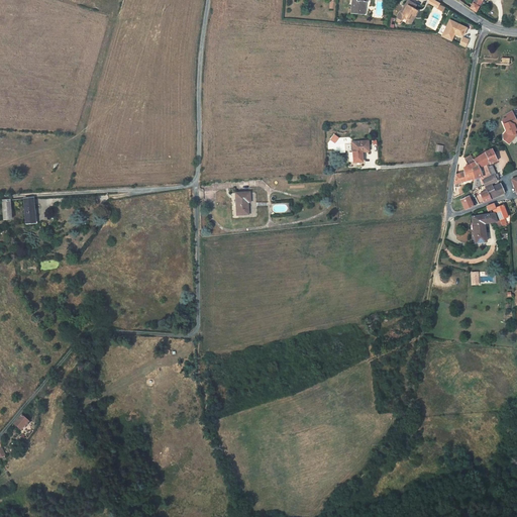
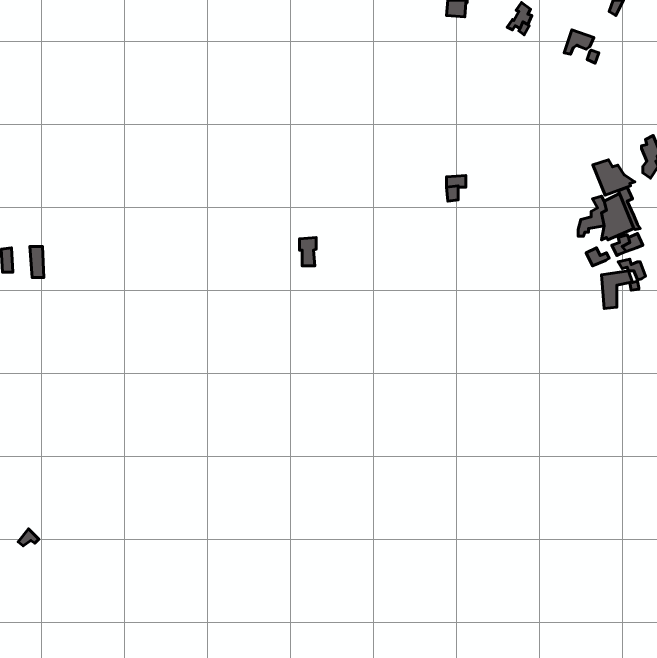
building: none -> [593,160,635,195]

